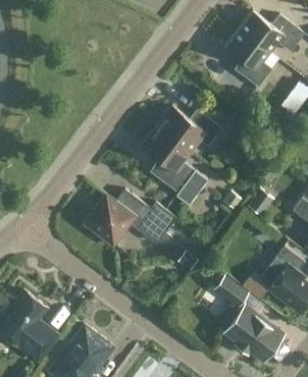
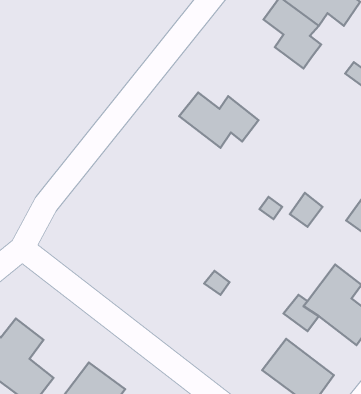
building: [142,125,207,205] -> none
building: [85,190,175,245] -> none
building: [213,275,248,308] -> none

